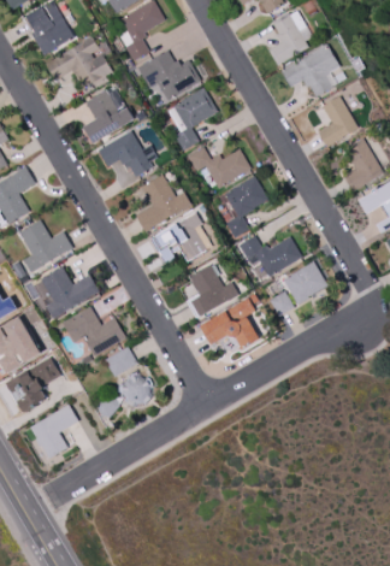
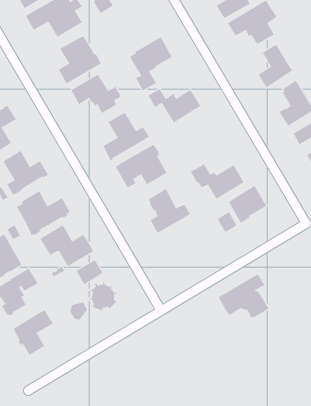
building: [136,49,200,100] -> none
building: [218,175,267,238] -> none
building: [200,297,260,349] -> [218,273,269,318]

